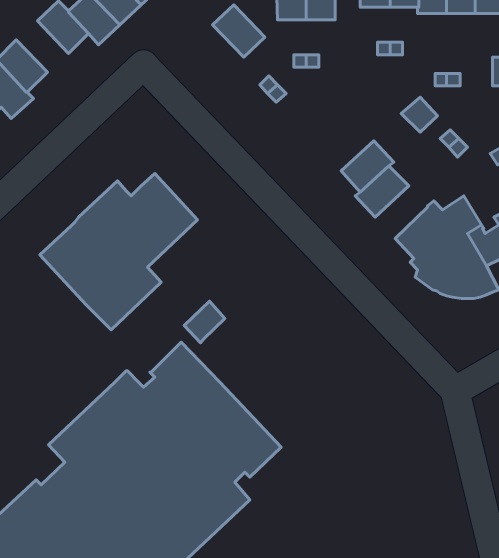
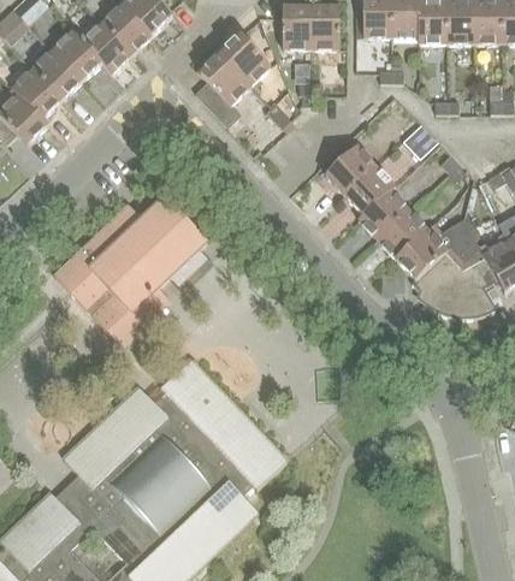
building: none -> [31,49,82,99]
building: none -> [195,53,250,126]
building: none -> [325,144,375,194]
building: none -> [377,208,427,259]
building: [184,301,225,343] -> none

